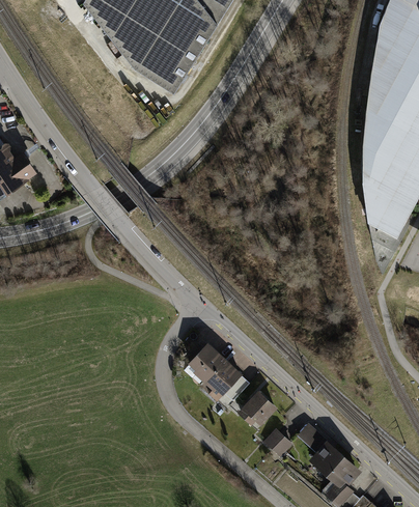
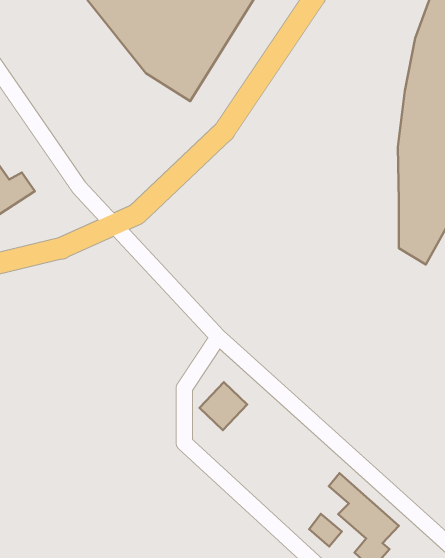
building: [205,362,251,406] -> none
building: [239,391,277,428] -> none
building: [264,428,294,457] -> [309,514,342,547]

